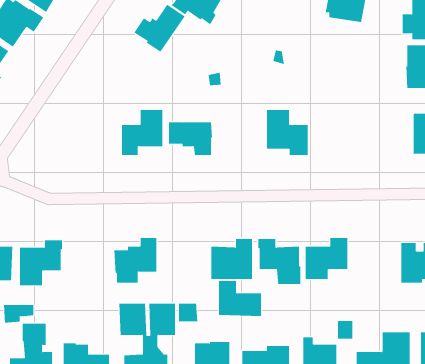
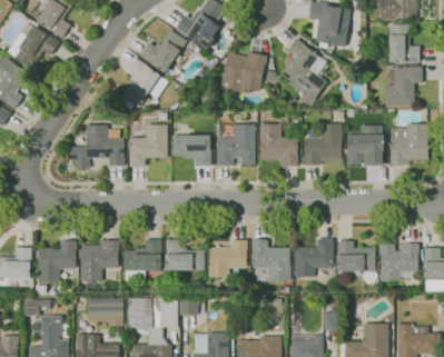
building: none -> [279,39,328,107]
building: none -> [220,52,266,93]
building: none -> [122,57,168,107]
building: none -> [304,123,342,166]
building: none -> [69,125,125,168]
building: none -> [216,125,255,166]
building: none -> [346,135,384,165]
building: none -> [79,240,118,281]
building: none -> [337,240,377,284]
building: [218,280,262,316] -> [166,239,205,271]
building: none -> [88,299,122,326]

